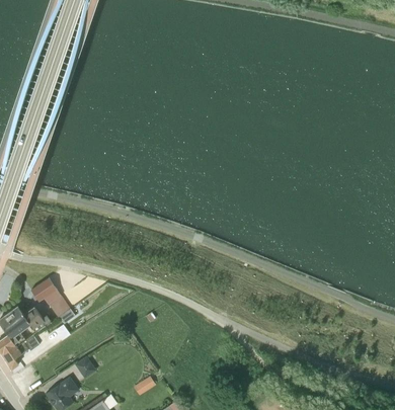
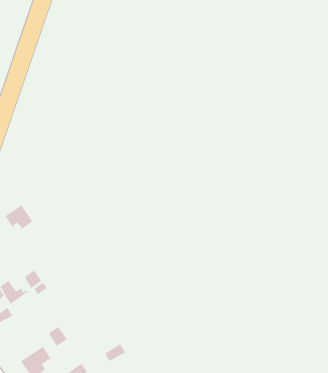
building: [30,277,61,304] -> [5,204,33,229]

